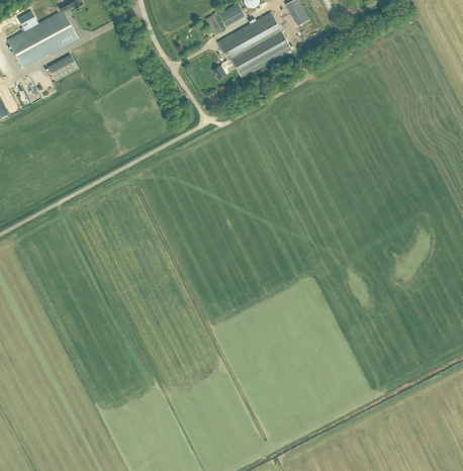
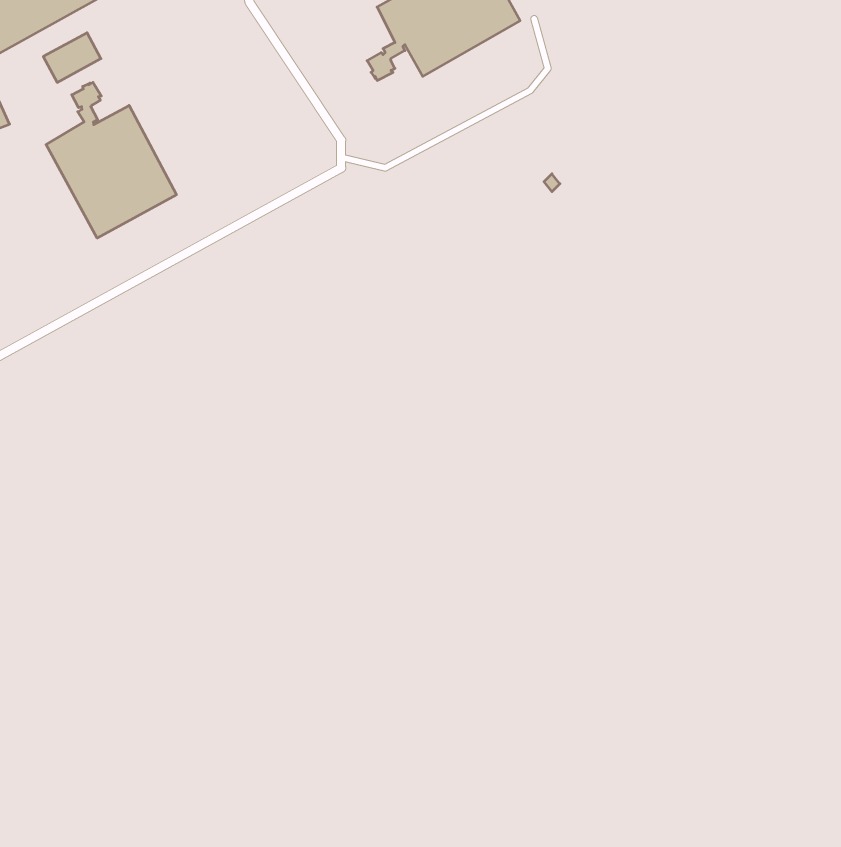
building: none -> [46,82,176,238]

